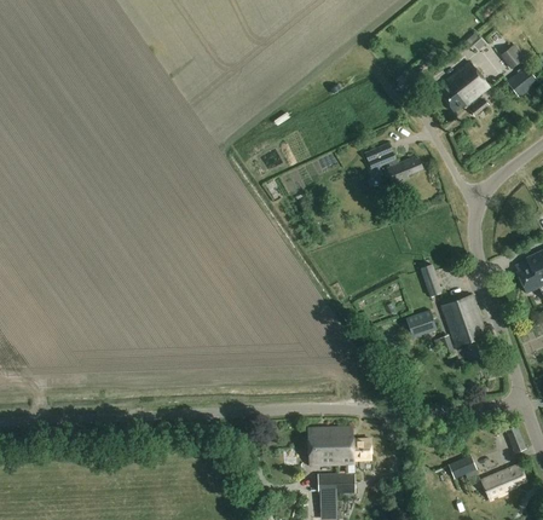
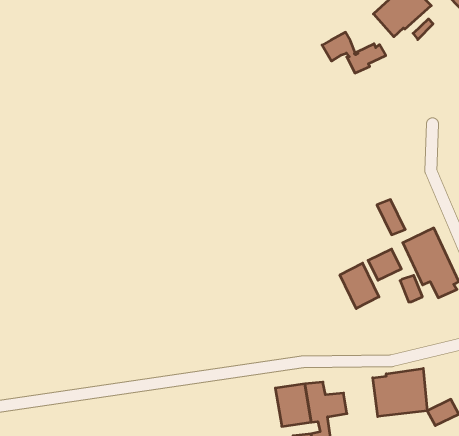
building: [365,144,423,183] -> [322,32,386,73]
building: none -> [340,263,379,309]
building: none -> [373,368,427,417]

